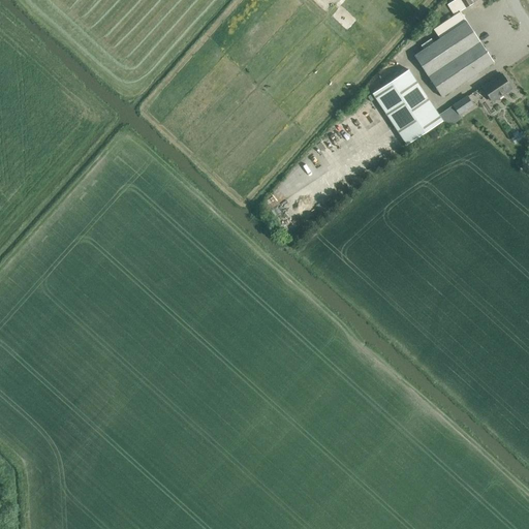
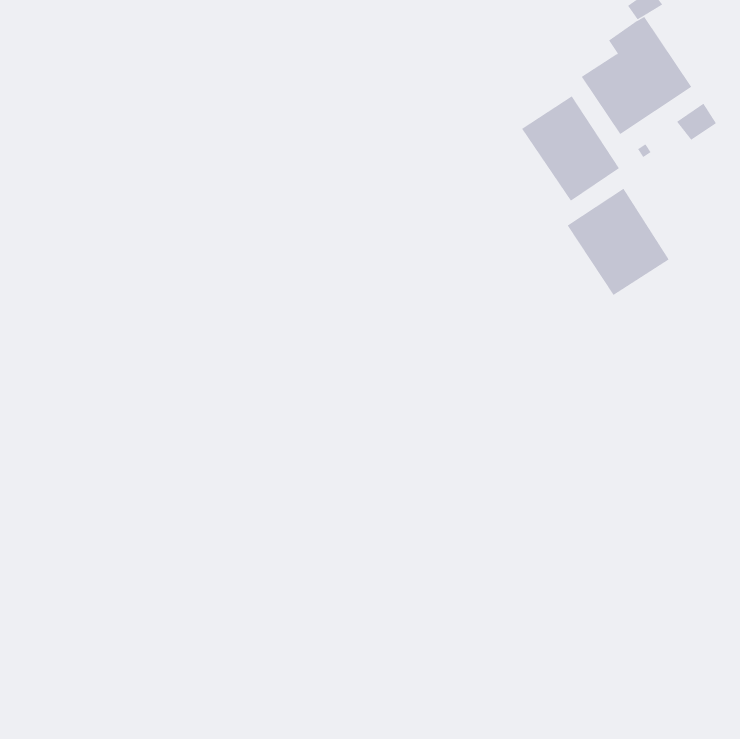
building: none -> [567,188,669,296]

